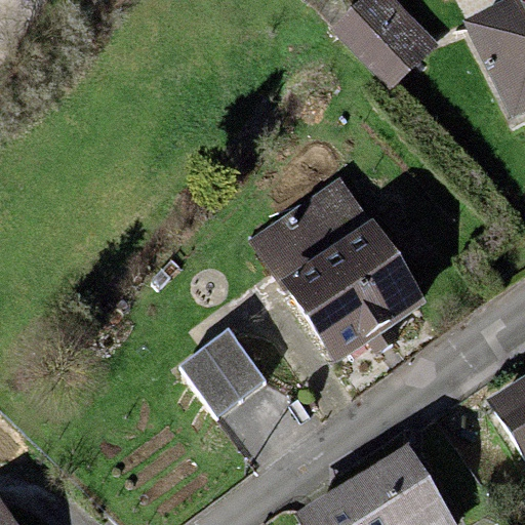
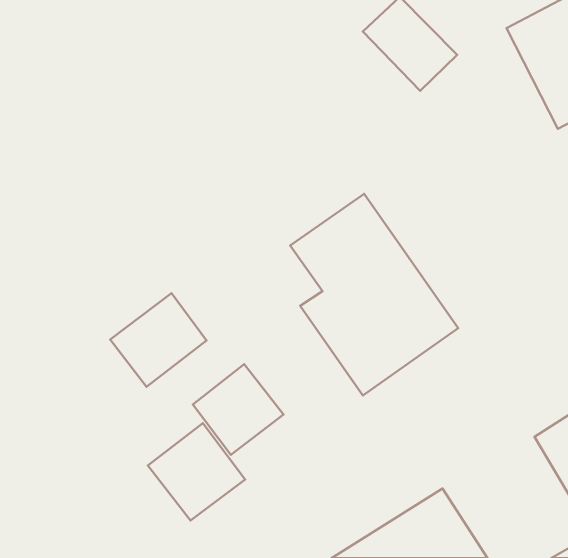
building: none -> [110,293,207,387]
building: none -> [148,423,245,520]

